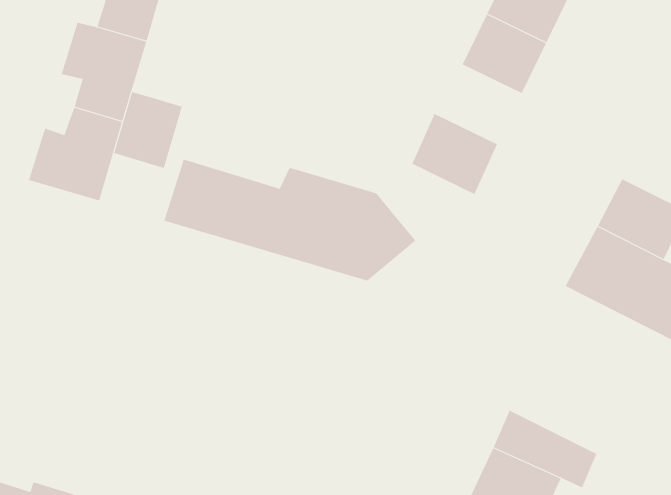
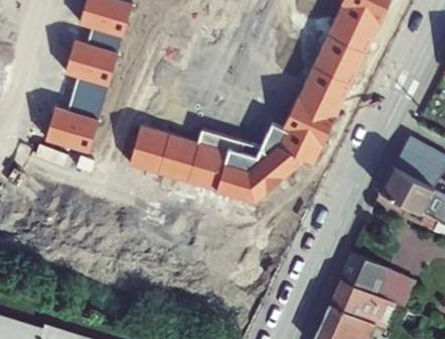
building: none -> [297,68,349,117]
building: [113,91,183,169] -> none
building: none -> [260,124,320,177]
building: none -> [341,254,414,312]

